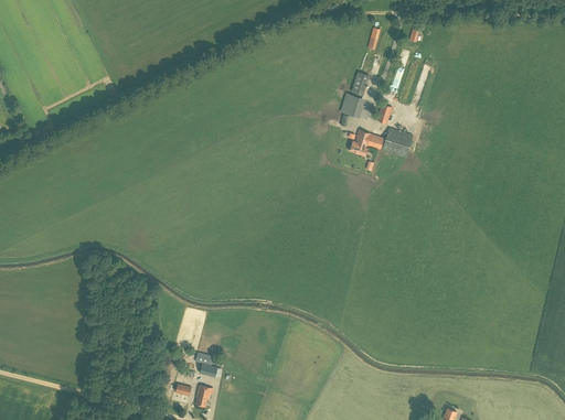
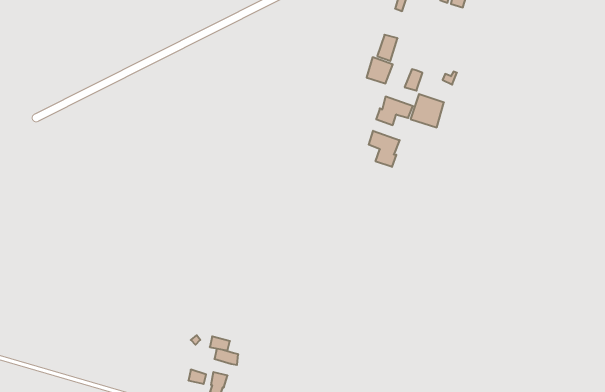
building: none -> [369,131,400,167]

